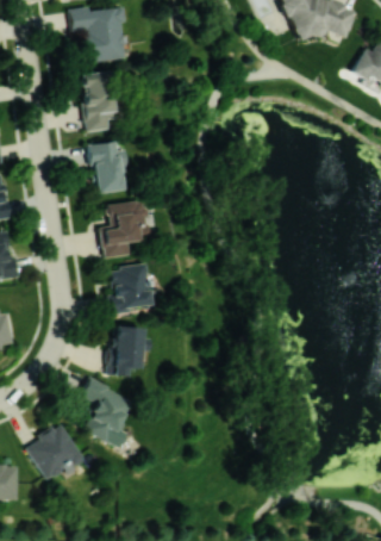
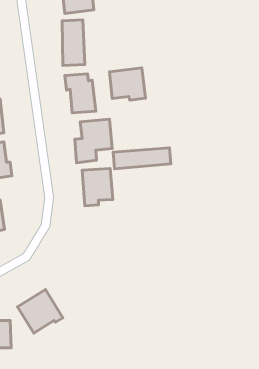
building: none -> [109,68,145,100]
building: none -> [113,148,171,169]
building: [110,327,150,377] -> none
building: [82,379,135,447] -> none

